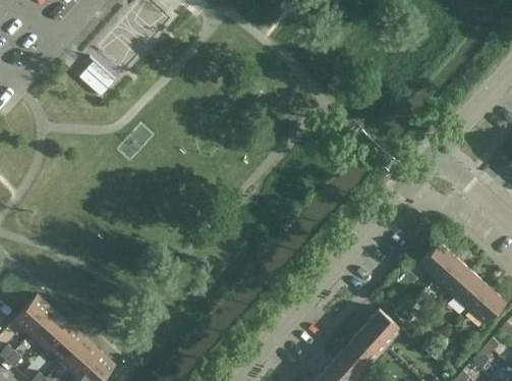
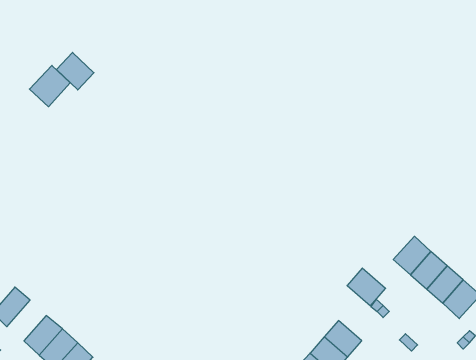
building: none -> [29,65,70,107]
building: [29,306,68,346] -> none
building: [361,309,400,346] -> [347,268,386,306]

